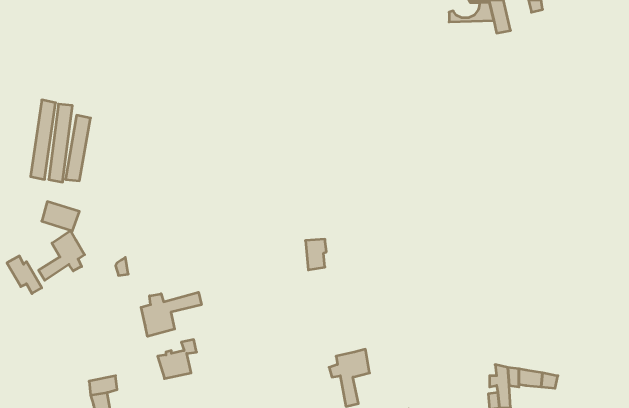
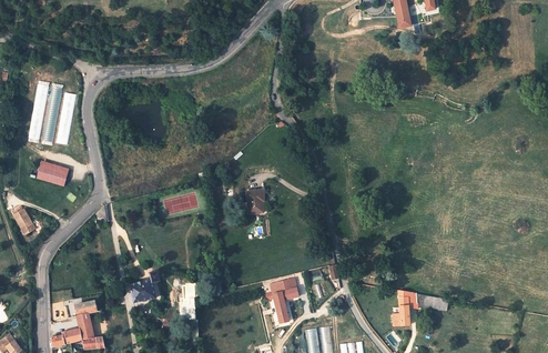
building: [39,231,85,280] -> none
building: [141,292,201,336] -> none

